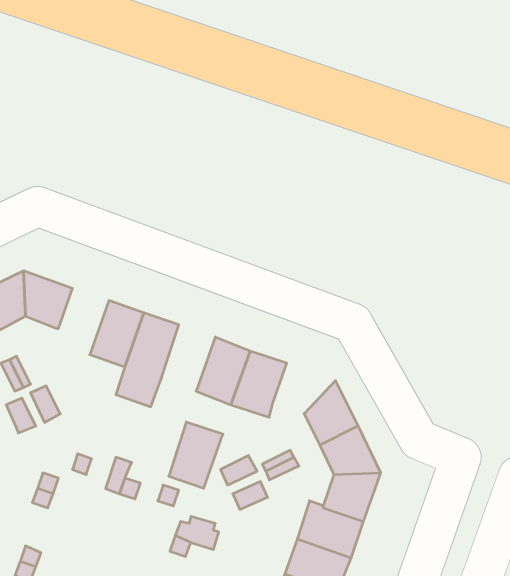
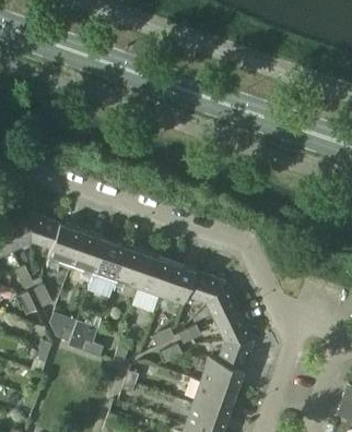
building: none -> [47,224,83,265]
building: none -> [186,271,225,302]
building: [169,422,223,488] -> [116,247,150,288]

